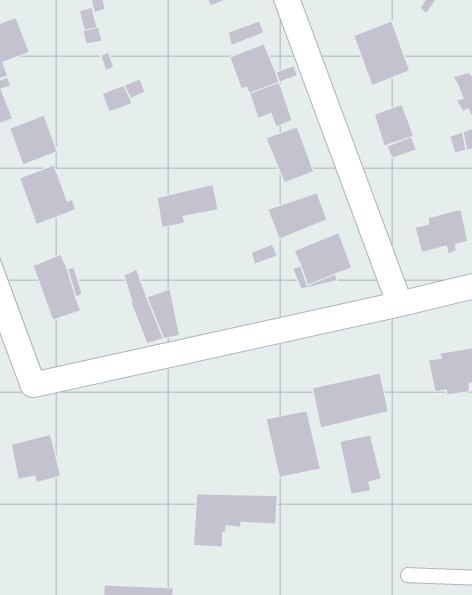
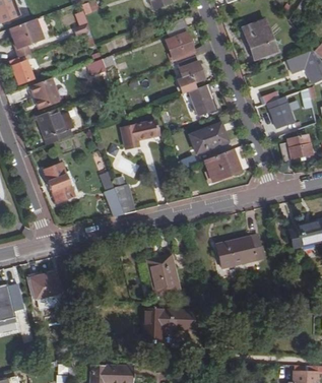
building: [374,104,414,146] -> [269,103,294,128]
building: [266,411,320,477] -> [146,254,180,295]
building: [340,435,381,494] -> none

